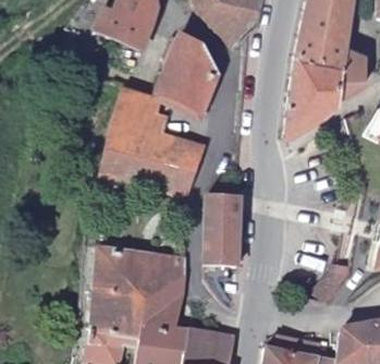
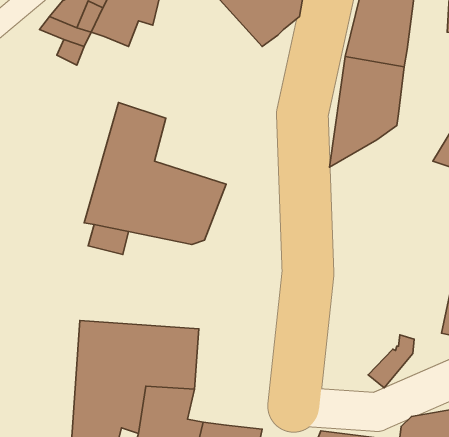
building: [161,39,218,113] -> none
building: [338,48,365,97] -> none
building: [206,197,237,279] -> none

